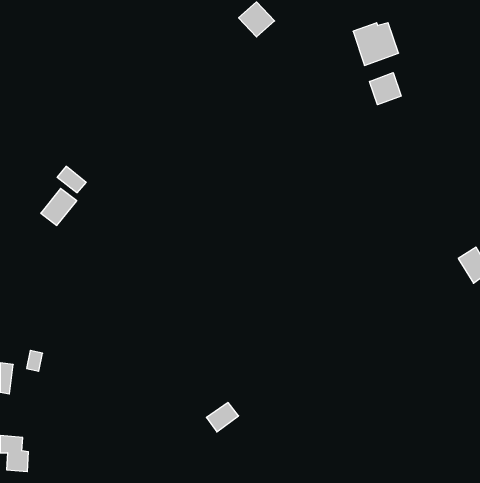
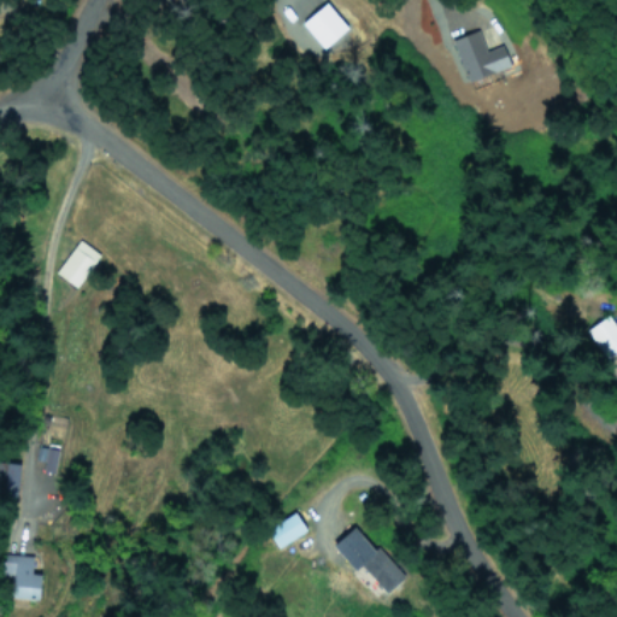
building: [370,73,401,105] -> none
building: [57,166,86,193] -> none
building: none -> [334,525,405,594]

